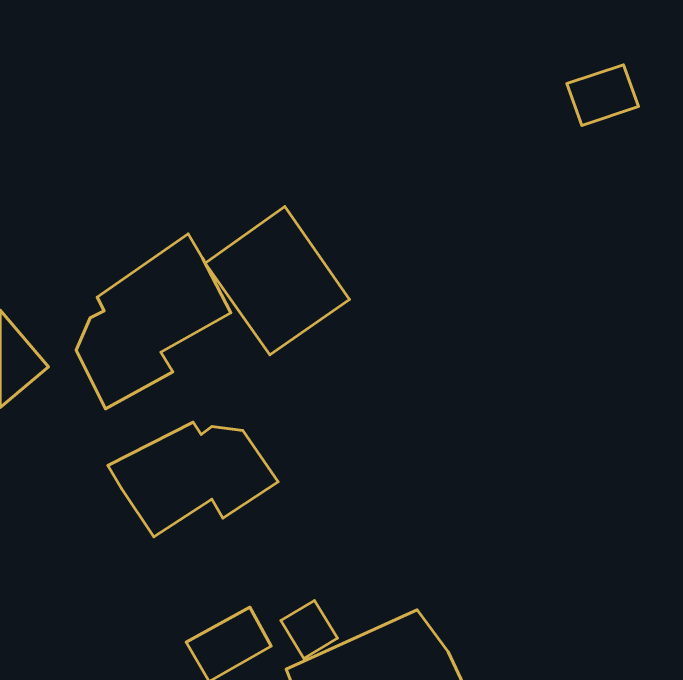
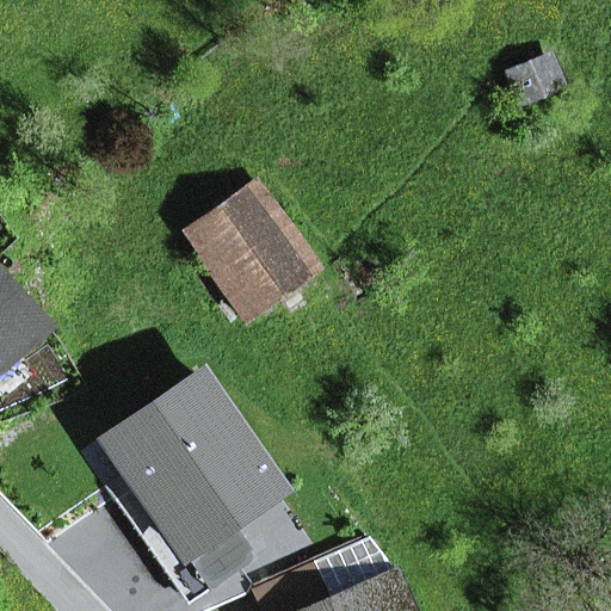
building: [76,234,231,409] -> none
building: none -> [142,434,282,543]

